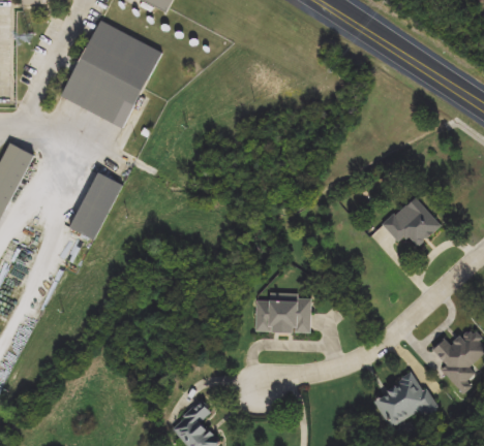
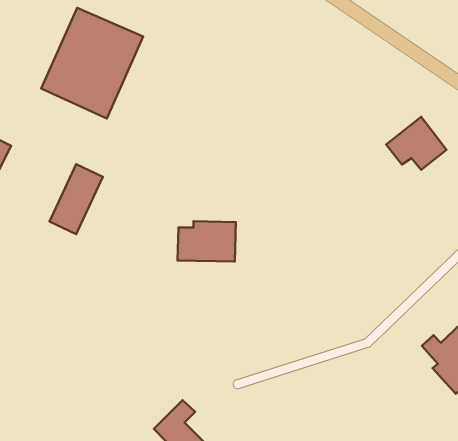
building: [382,195,441,247] -> [386,117,447,170]
building: [254,293,311,332] -> [177,221,236,262]
building: [372,372,434,429] -> none

